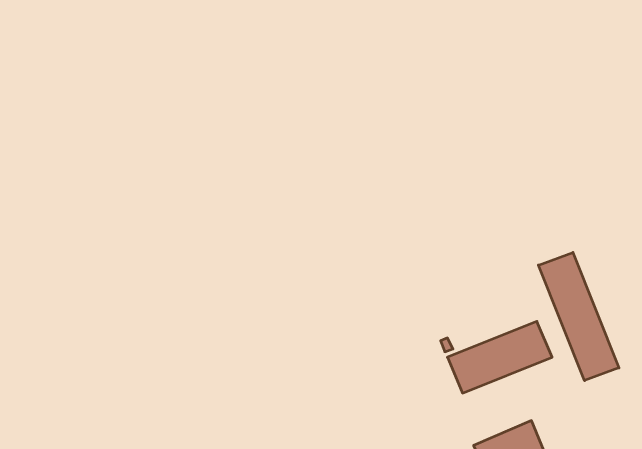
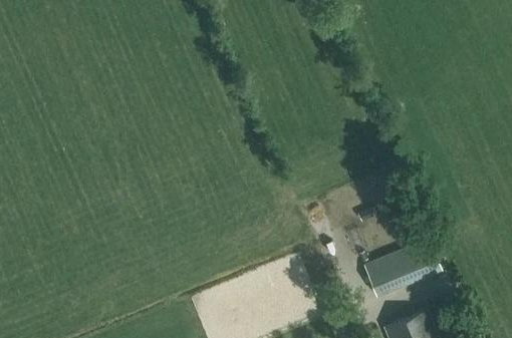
building: [538,252,619,381] -> none

